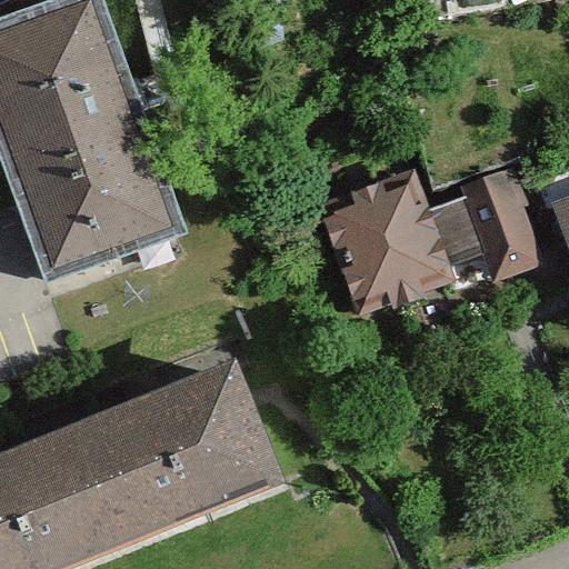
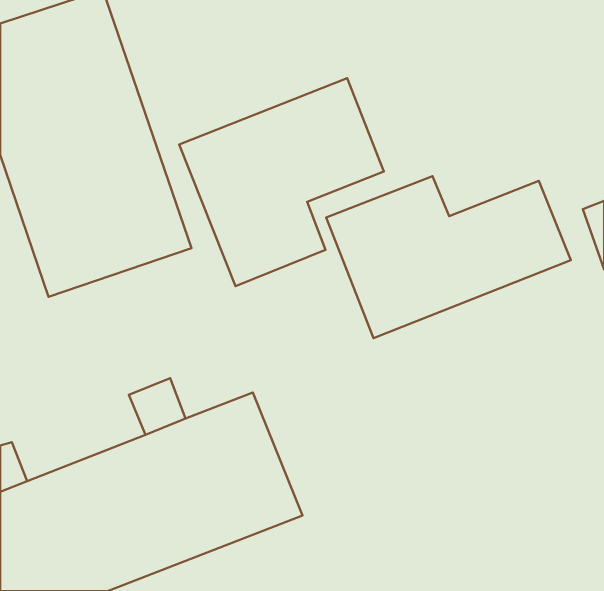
building: none -> [179,78,384,286]

